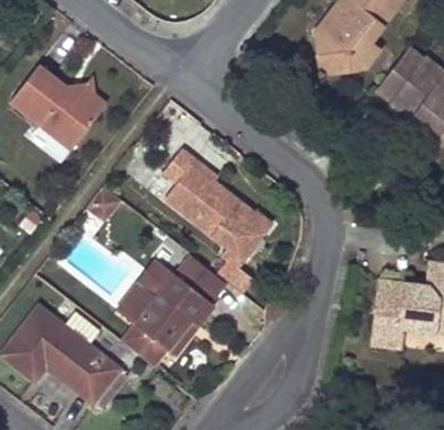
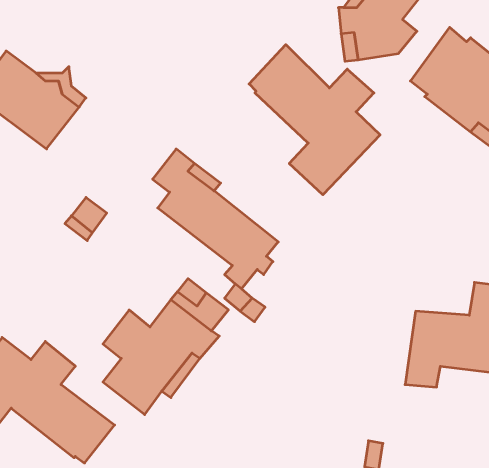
building: none -> [249,45,380,195]

